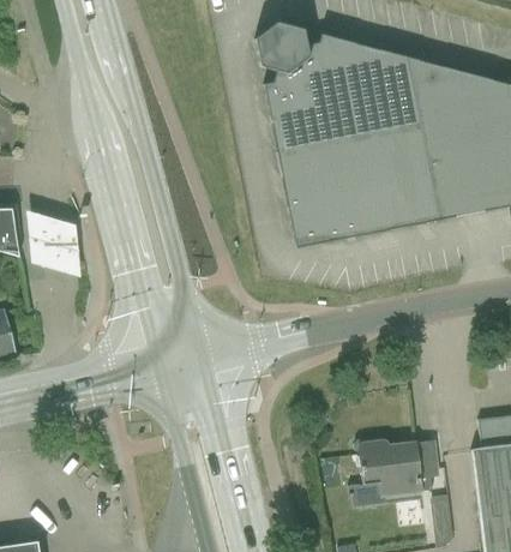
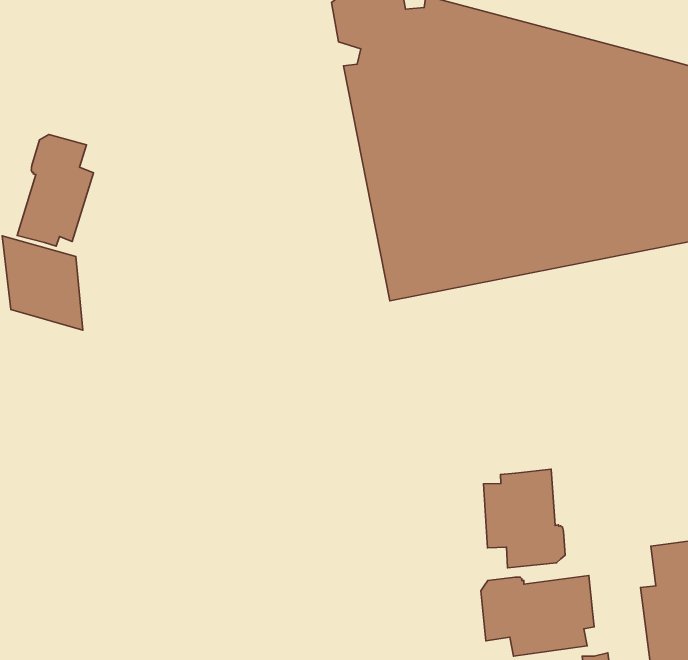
building: none -> [17,134,93,246]
building: none -> [483,469,565,568]

